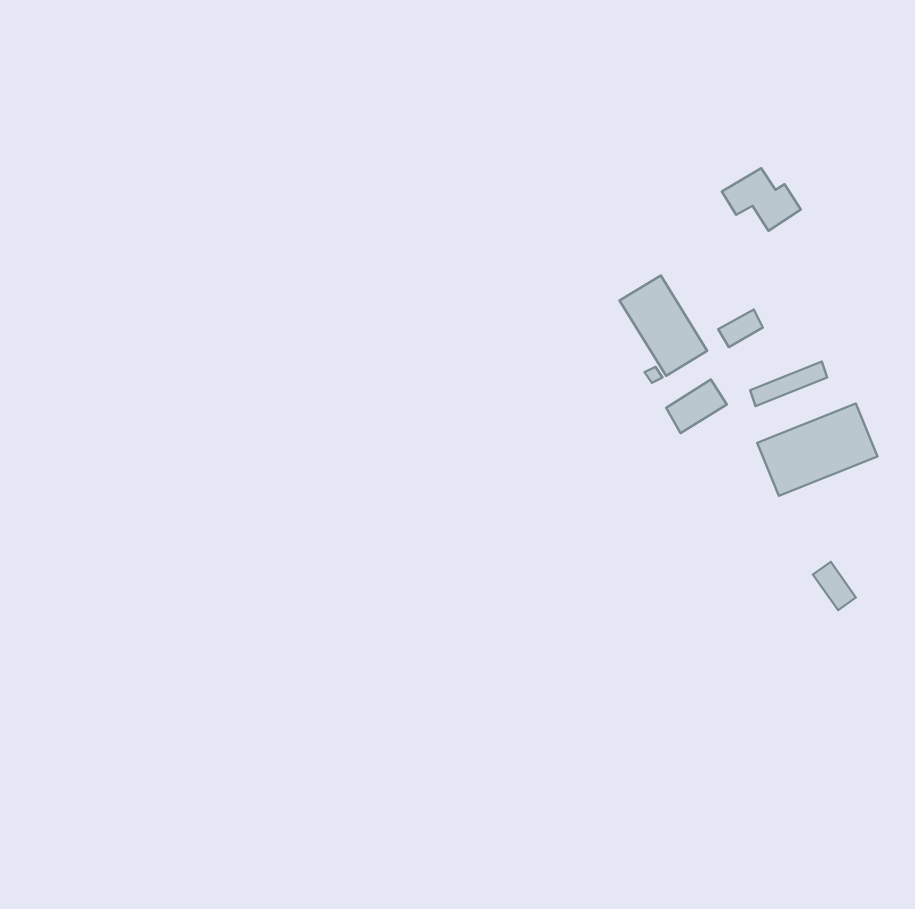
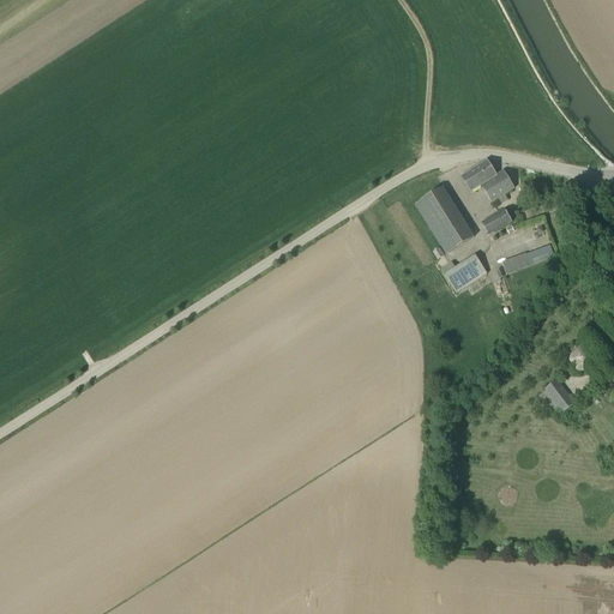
building: [722,168,801,231] -> [460,158,513,200]
building: [757,403,877,496] -> none

